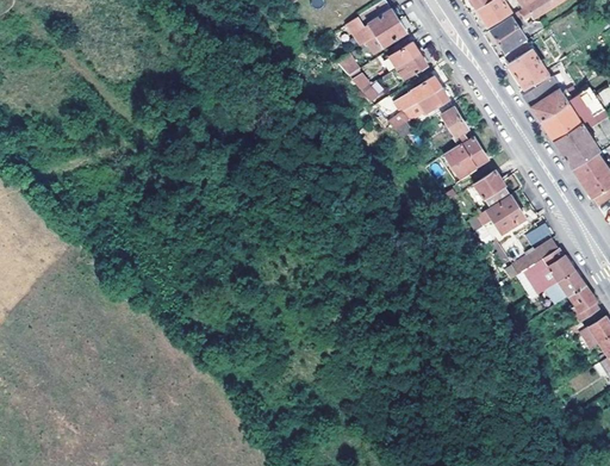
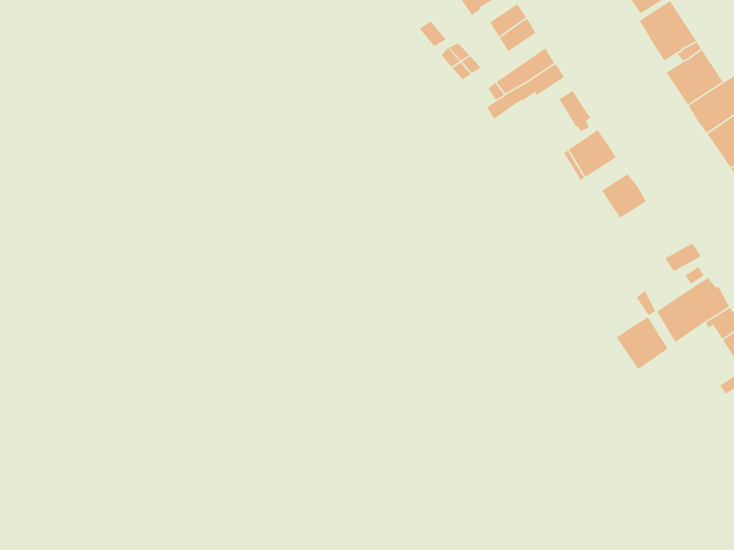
building: [488,197,525,235] -> none
building: none -> [616,316,668,370]

